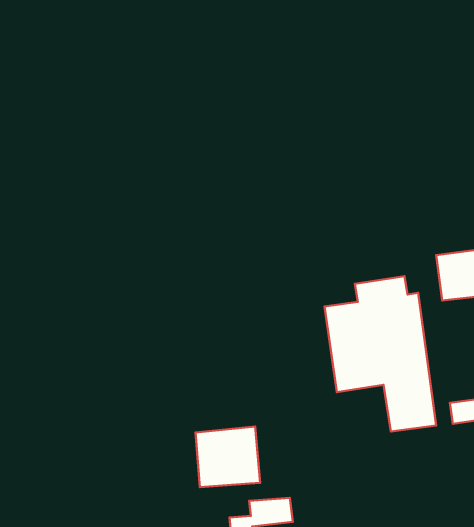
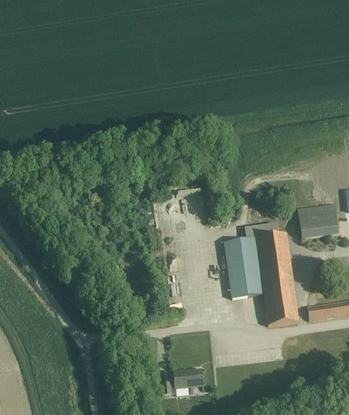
building: [196,426,260,487] -> none

